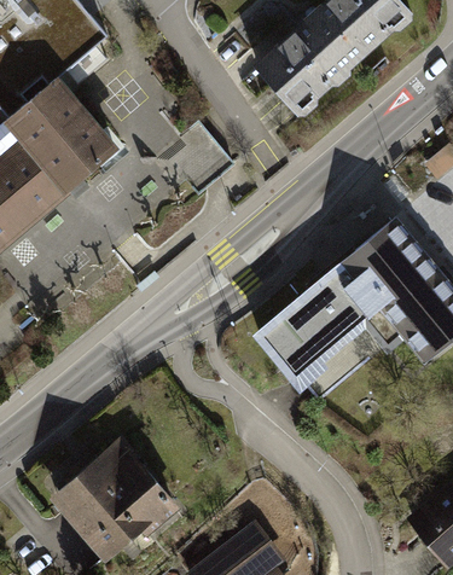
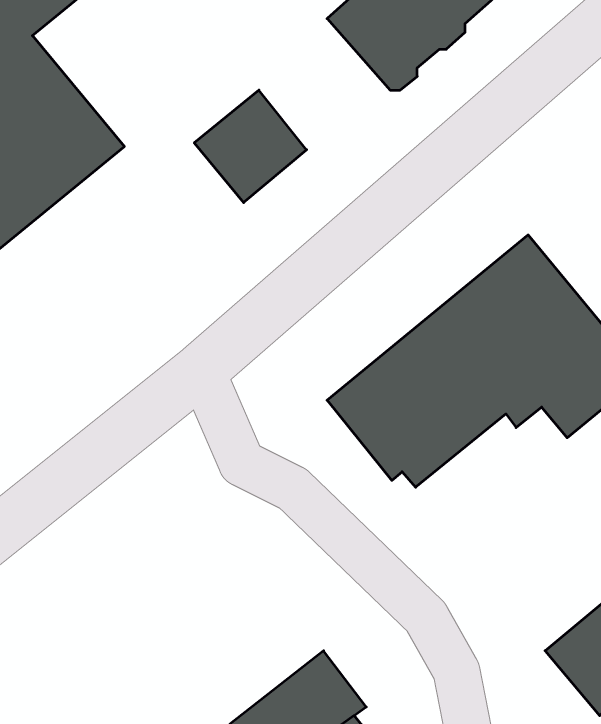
building: [48,431,178,554] -> none

